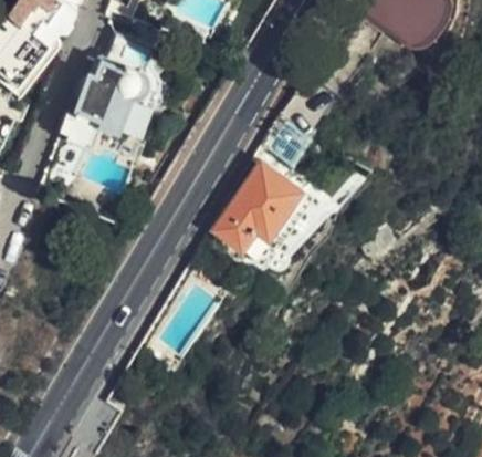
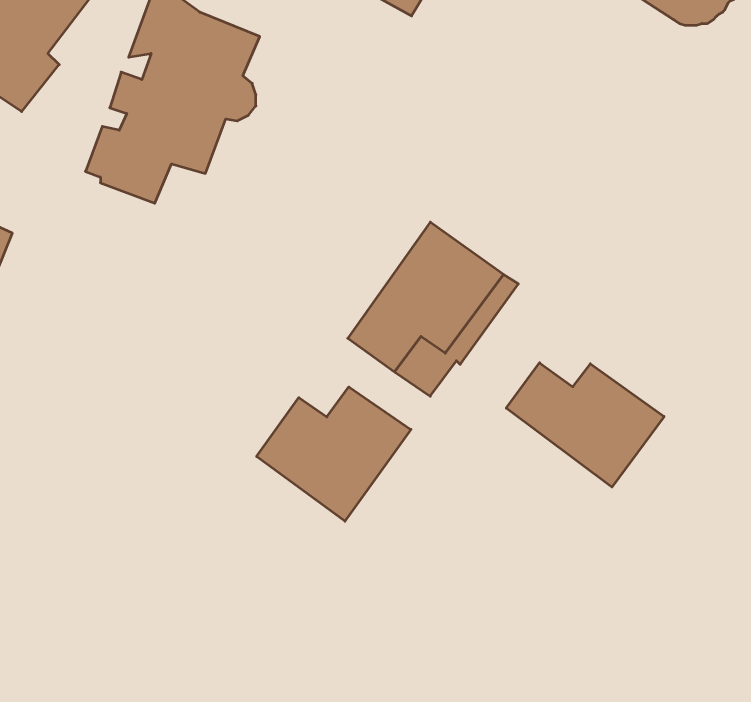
building: none -> [506,363,664,487]
building: none -> [257,387,411,521]

